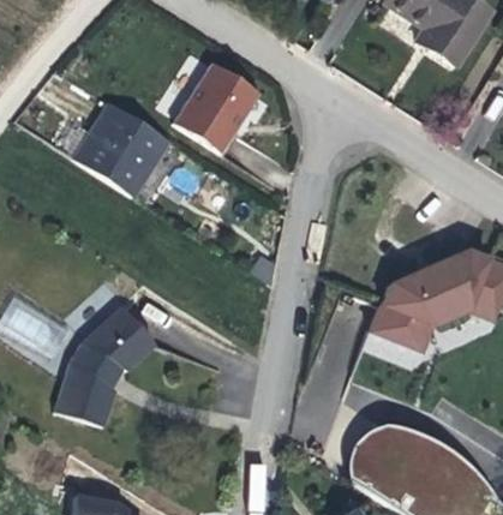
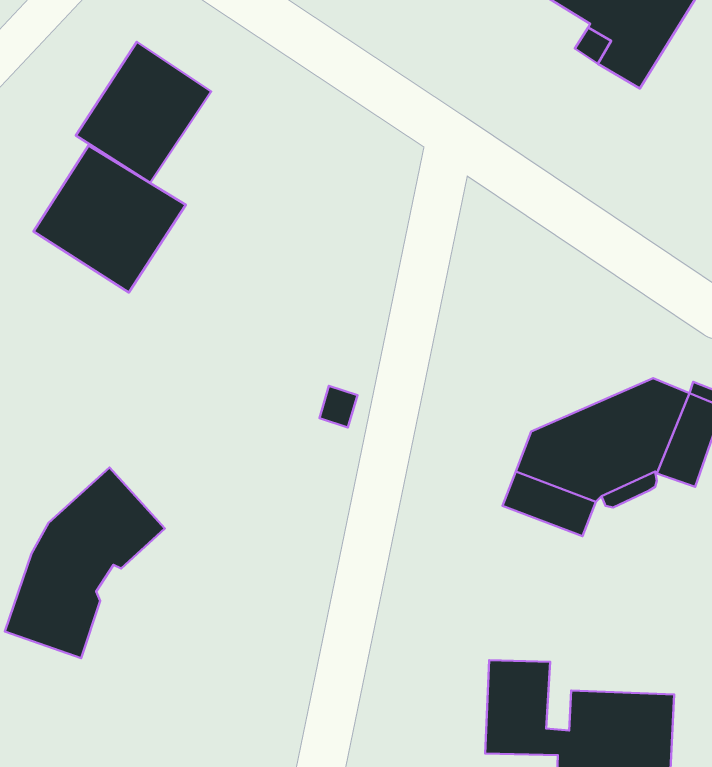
building: [174,62,259,151] -> [76,42,211,183]

